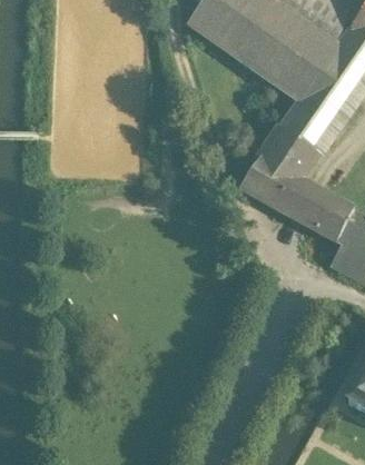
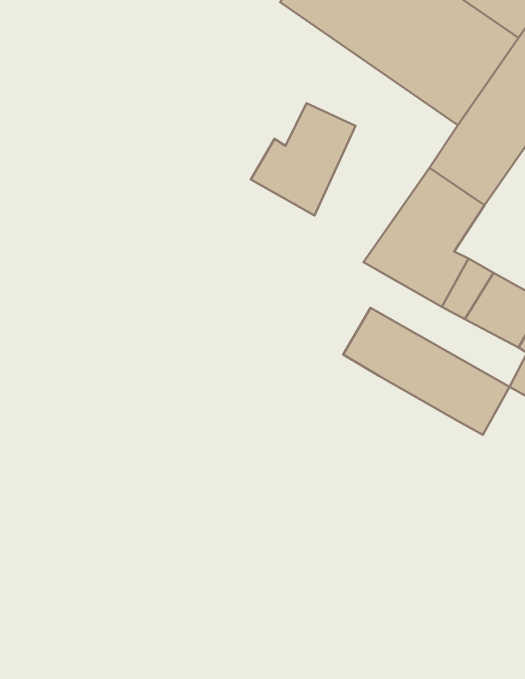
building: none -> [251,103,355,216]
building: none -> [343,308,509,435]

